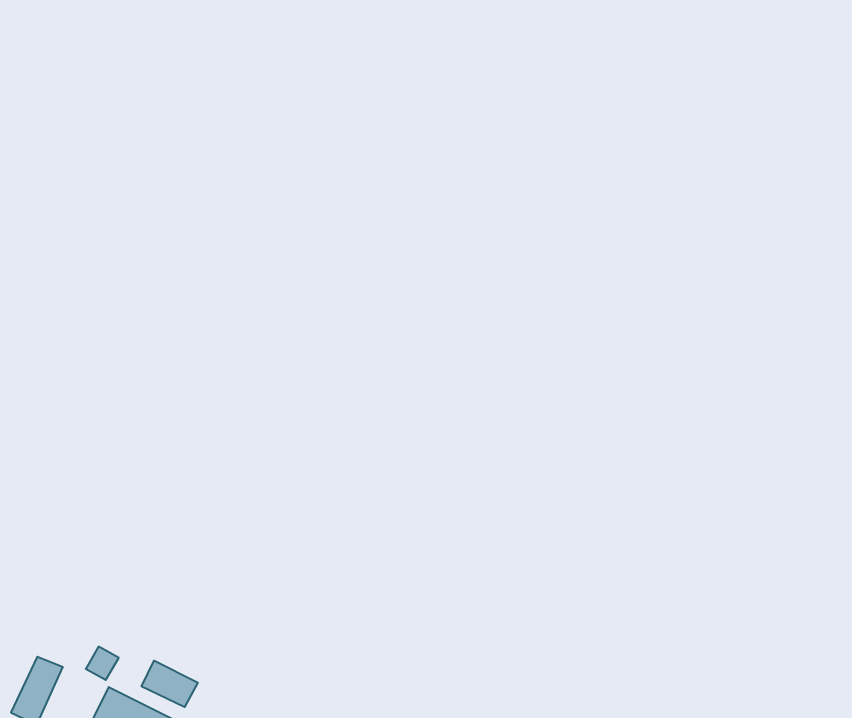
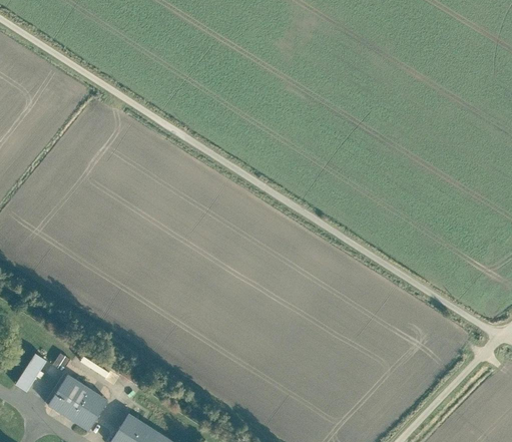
building: [142,661,198,707] -> none

